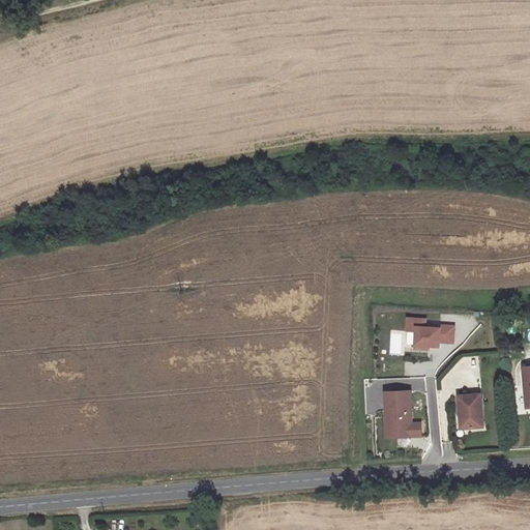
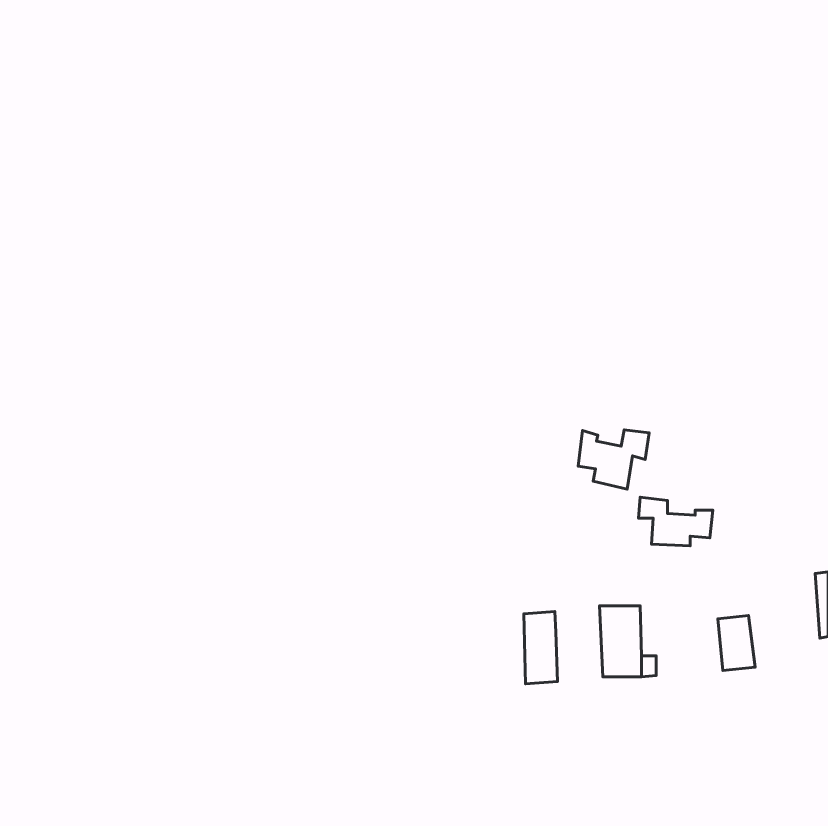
building: none -> [578,430,649,489]
building: none -> [524,611,558,684]

